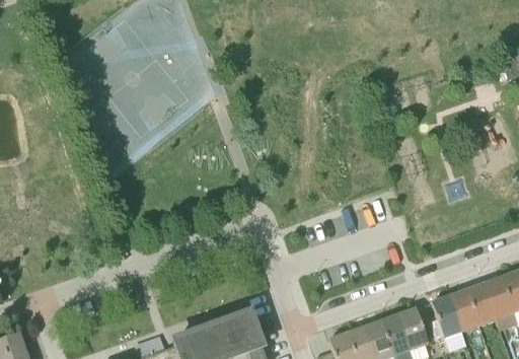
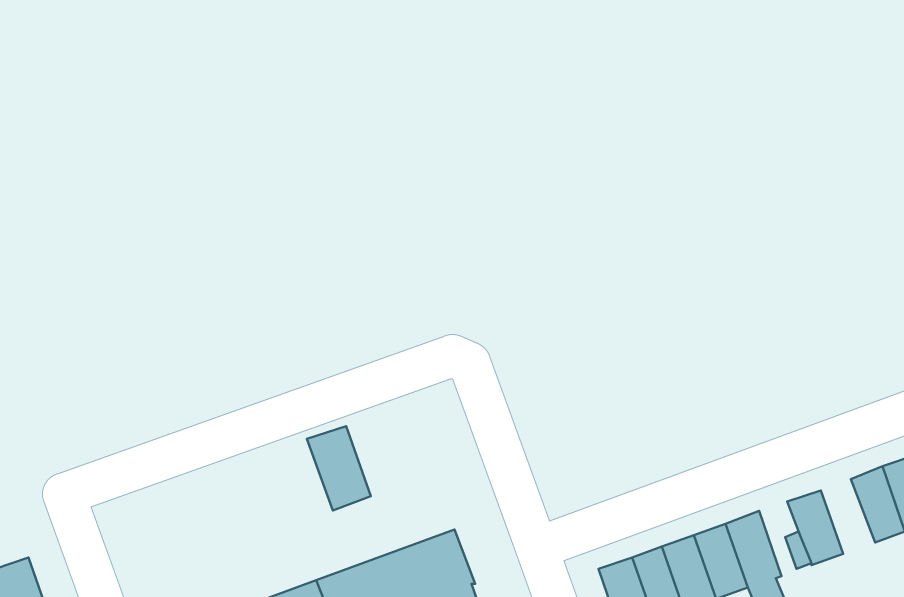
building: none -> [307,426,371,510]
building: [449,290,478,331] -> none

